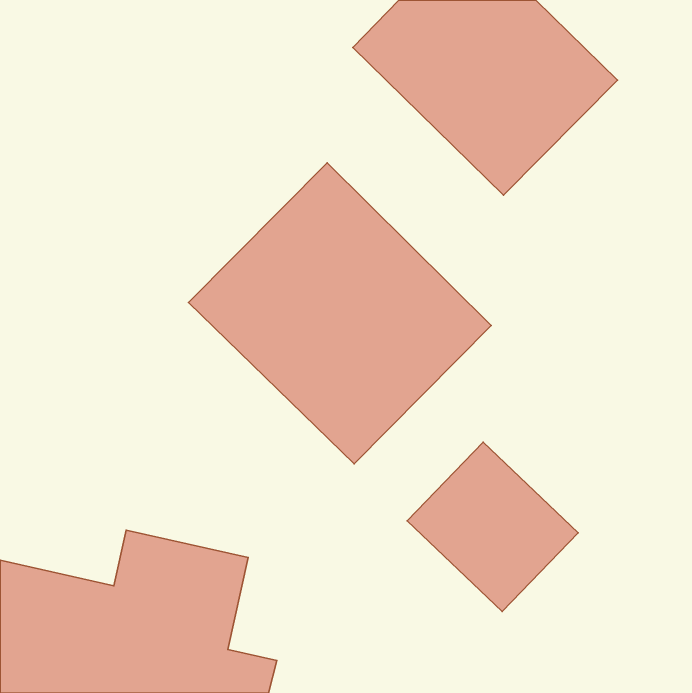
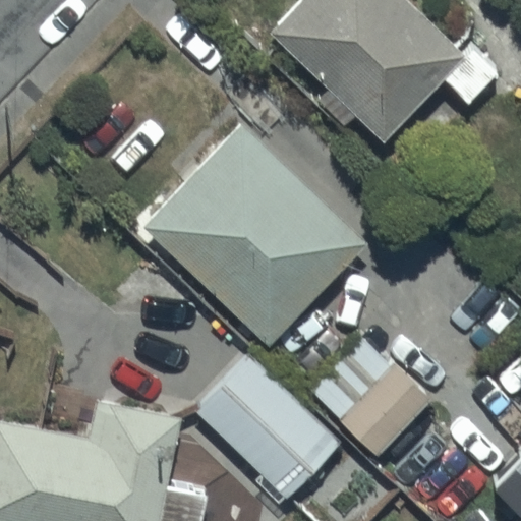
building: none -> [193,354,342,508]

